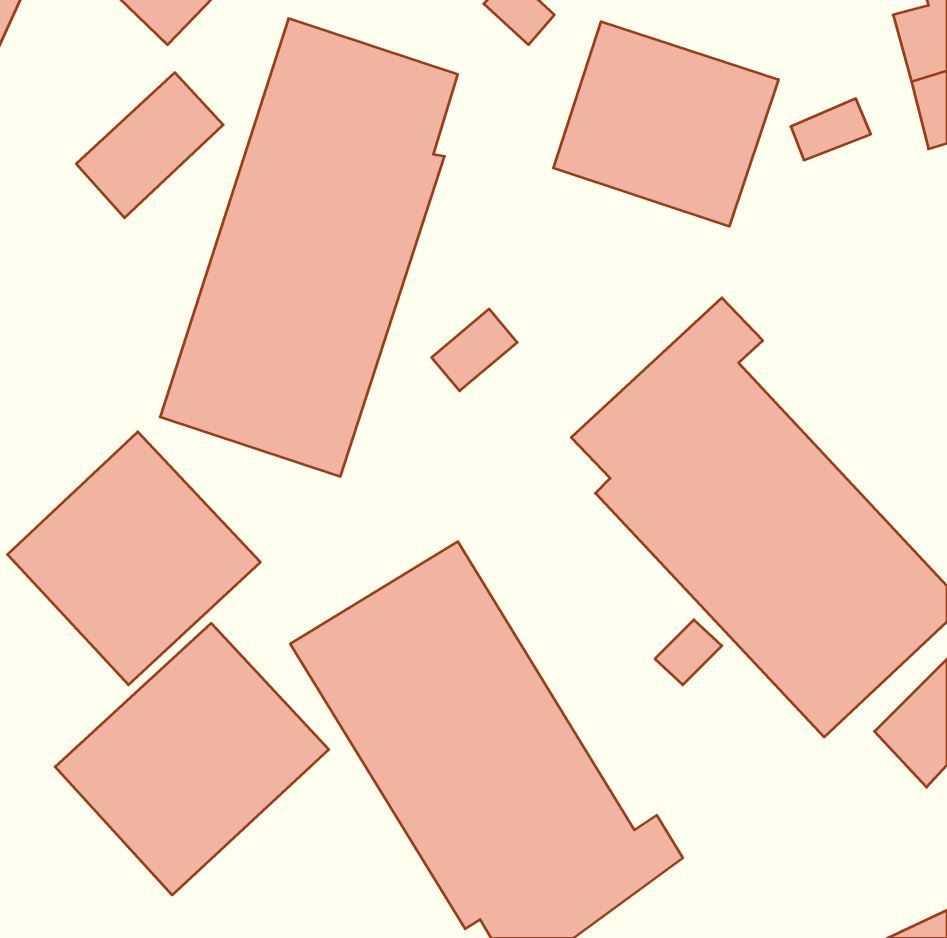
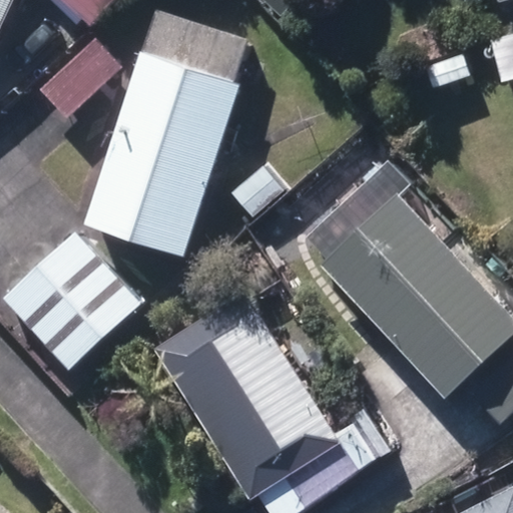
building: [553,22,778,226] -> none
building: [55,623,329,895] -> none

